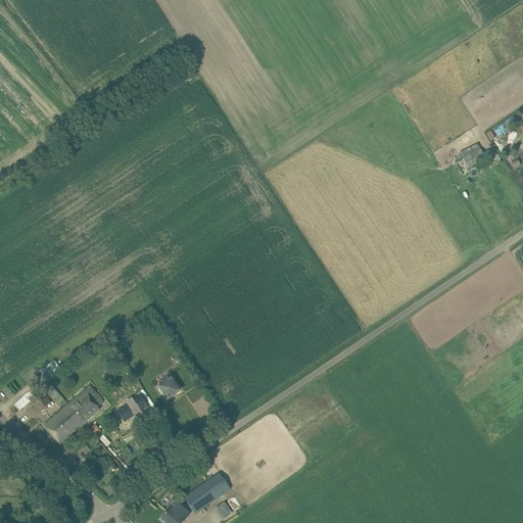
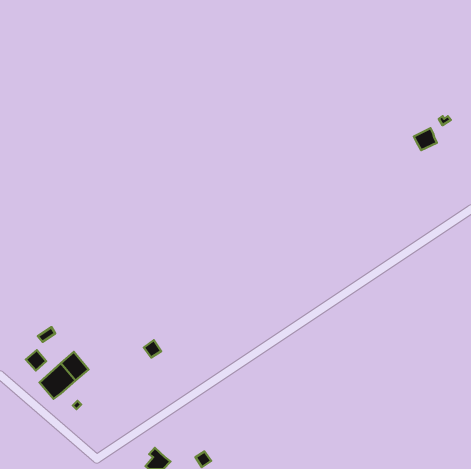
building: [118,394,147,421] -> none
building: [184,472,230,512] -> none

